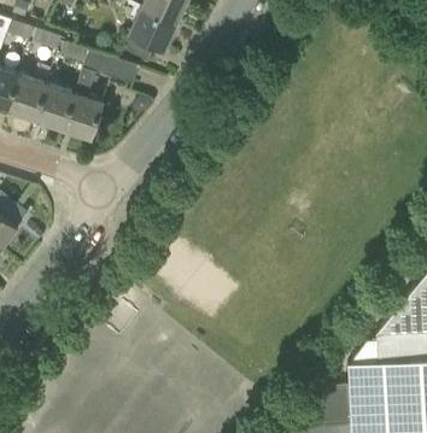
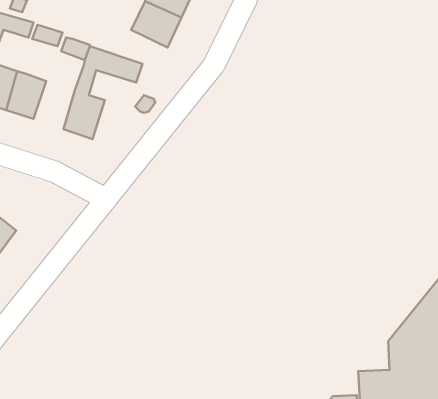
building: [35,83,75,129] -> none

